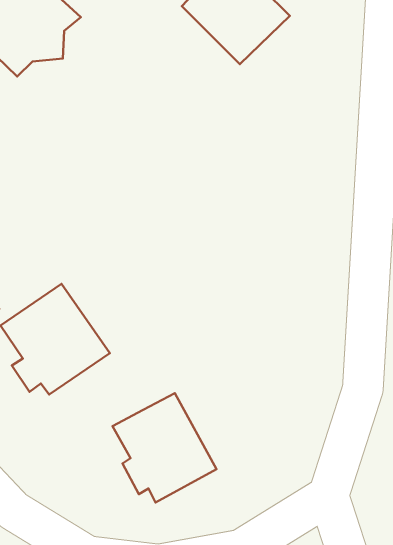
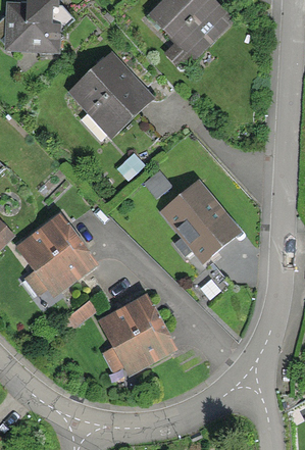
building: none -> [66,49,151,135]
building: none -> [158,173,246,262]

